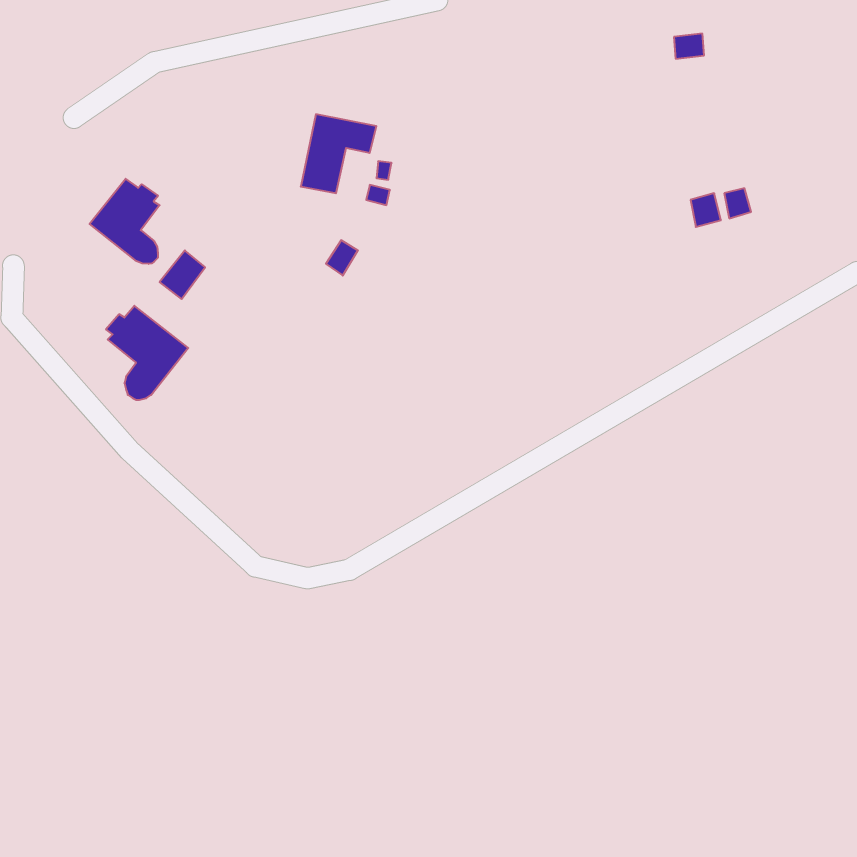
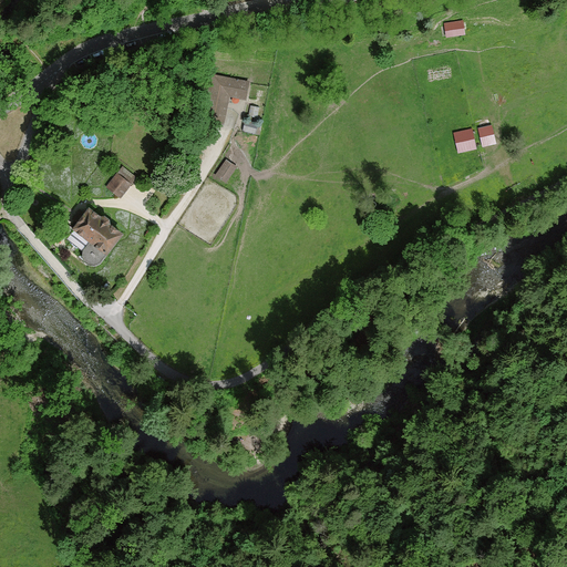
building: [90,179,160,264] -> none

